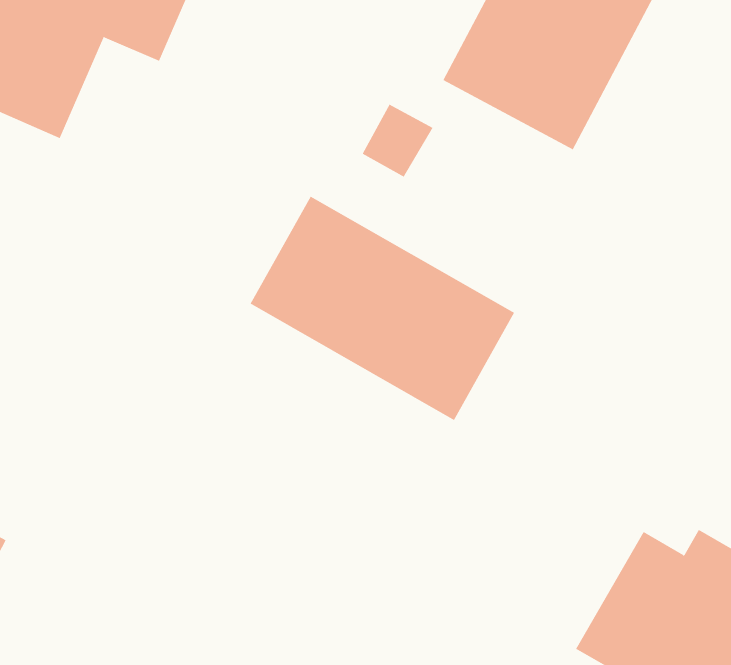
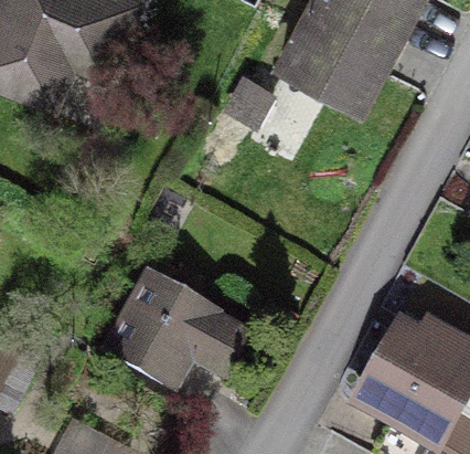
building: [250,196,515,421] -> none
building: none -> [111,289,238,387]

